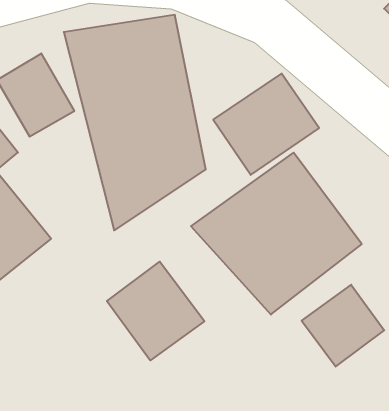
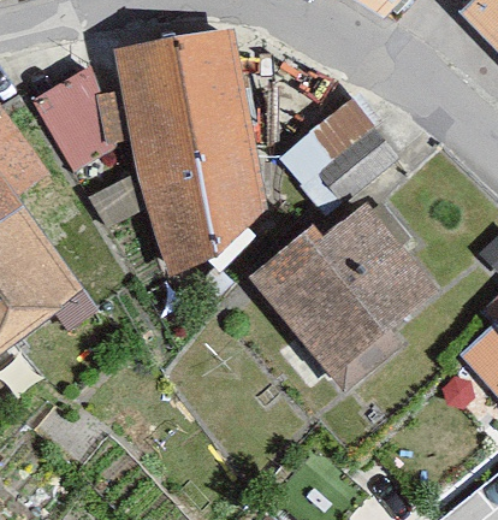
building: [107,262,204,360] -> none
building: [302,285,384,367] -> none

